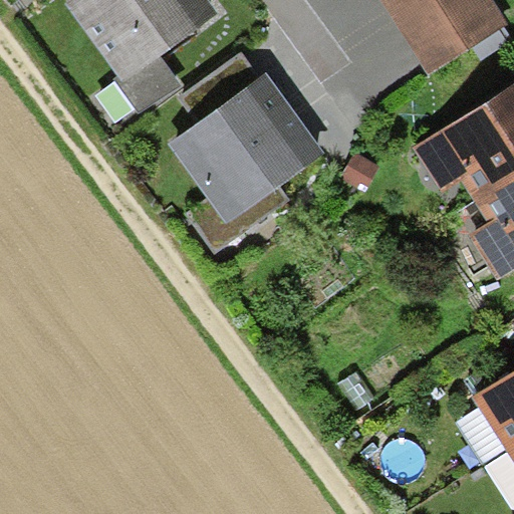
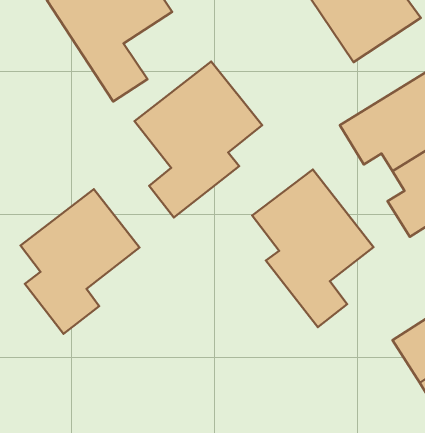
building: none -> [252,169,373,327]
building: none -> [21,189,139,334]

